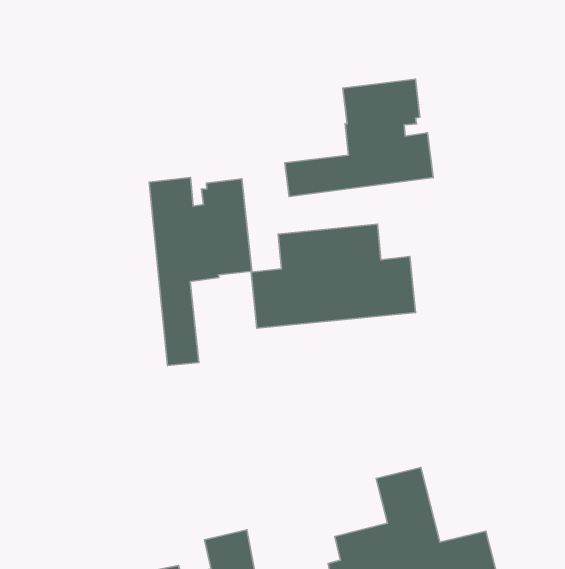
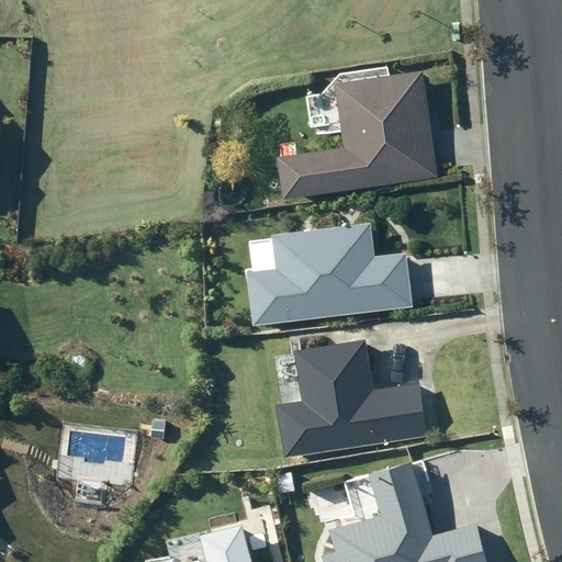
building: [149,177,252,365] -> none
building: none -> [274,339,426,459]

